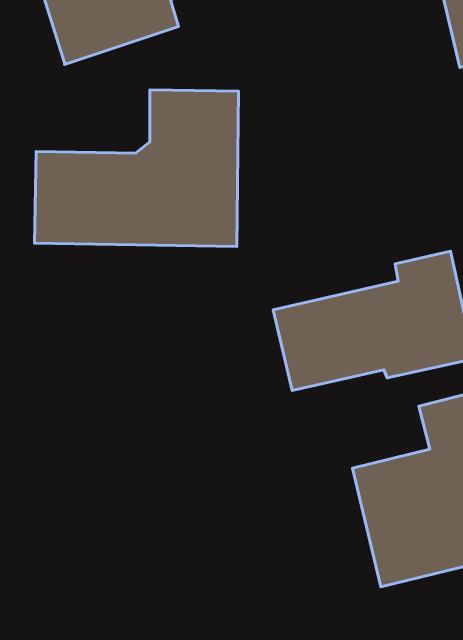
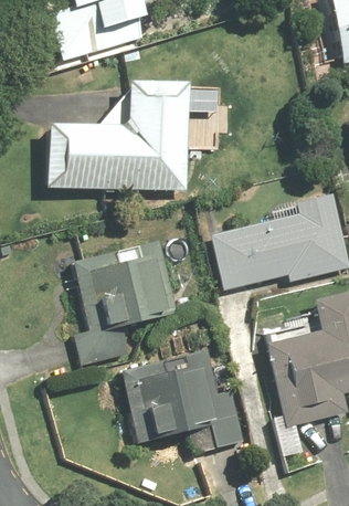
building: none -> [72,239,176,366]
building: none -> [120,349,244,446]

